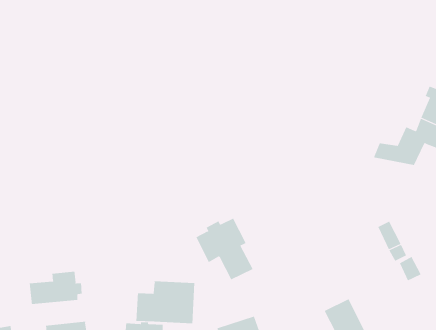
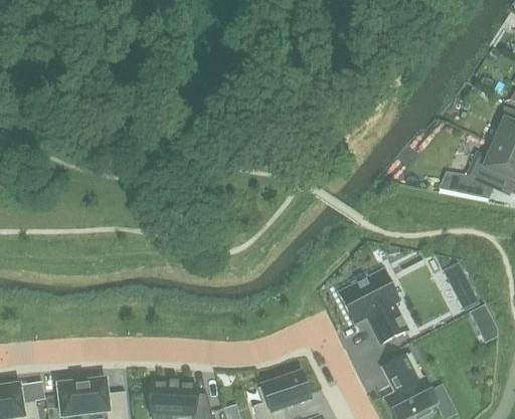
building: [195,218,253,280] -> [339,269,406,342]
building: [29,271,82,305] -> none
building: [136,281,195,324] -> none

